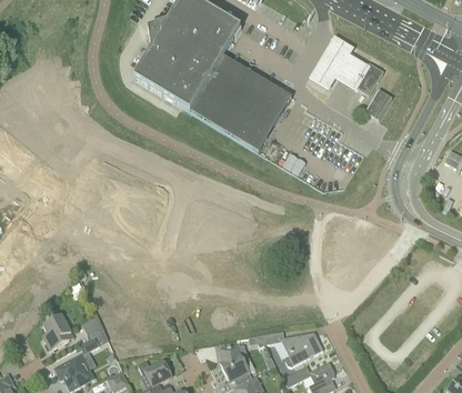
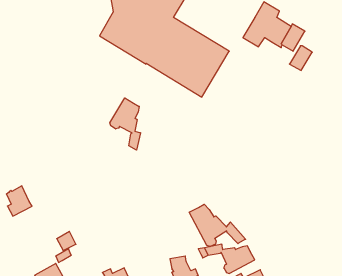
building: none -> [110,98,141,150]
building: none -> [189,204,246,247]
building: [43,313,74,350] -> [6,186,32,216]

